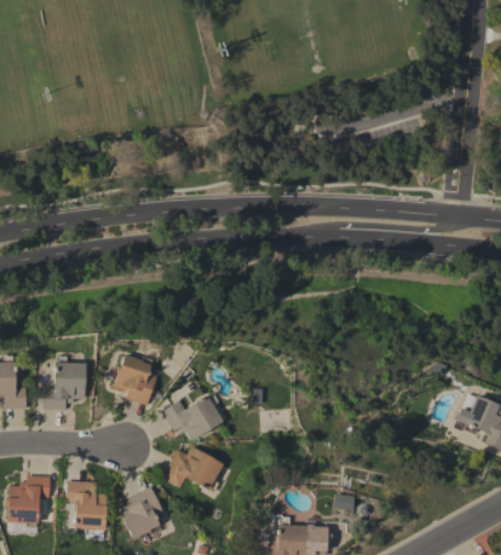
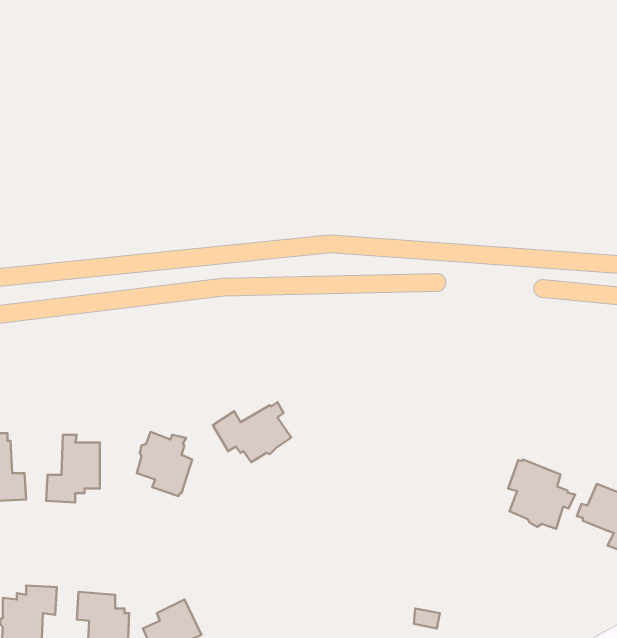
building: none -> [508,460,575,529]
building: [162,393,224,440] -> [213,402,291,462]
building: [161,446,224,492] -> none

